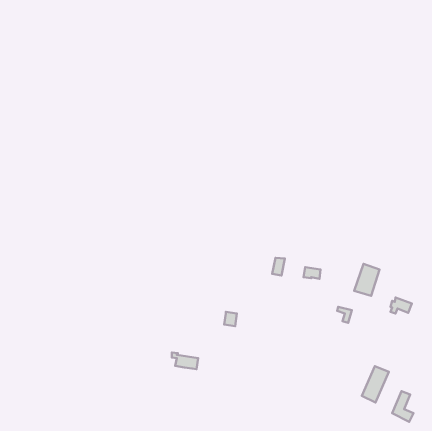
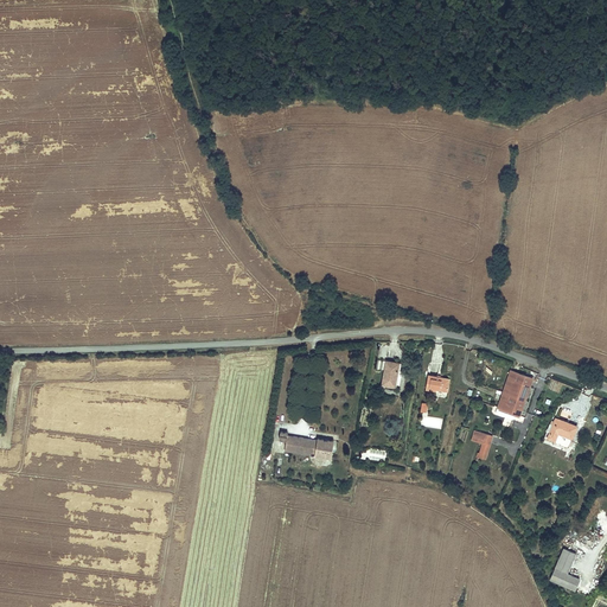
building: [172,352,198,369] -> [280,433,317,456]
building: [362,366,389,403] -> none

